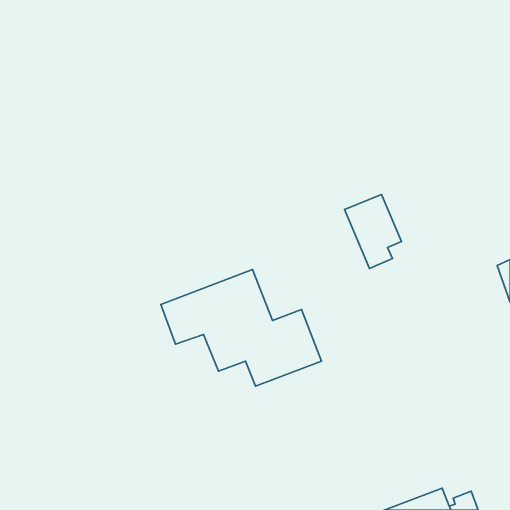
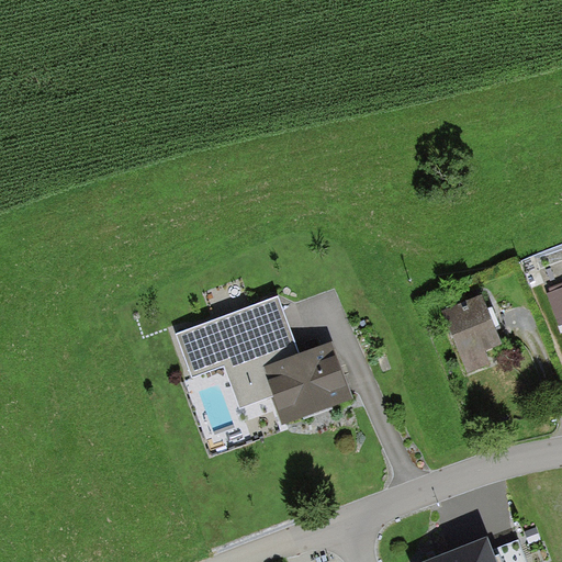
building: [345,195,401,268] -> [439,293,502,374]

